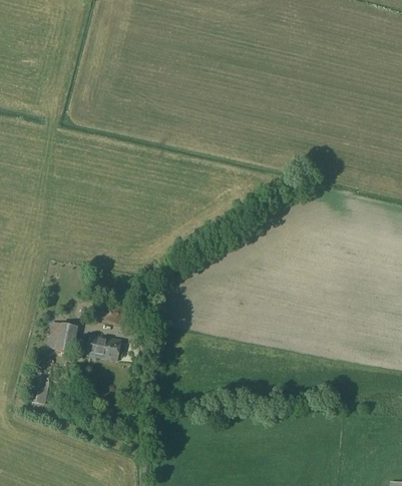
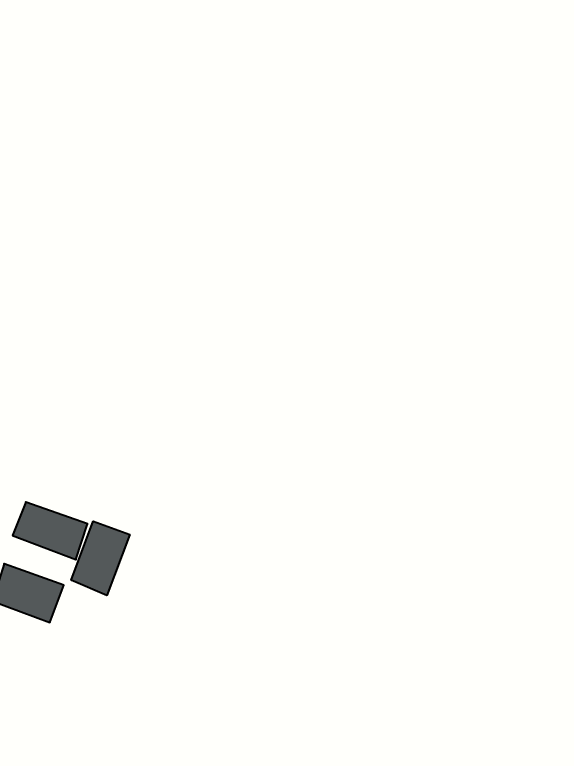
building: none -> [71,521,130,595]

